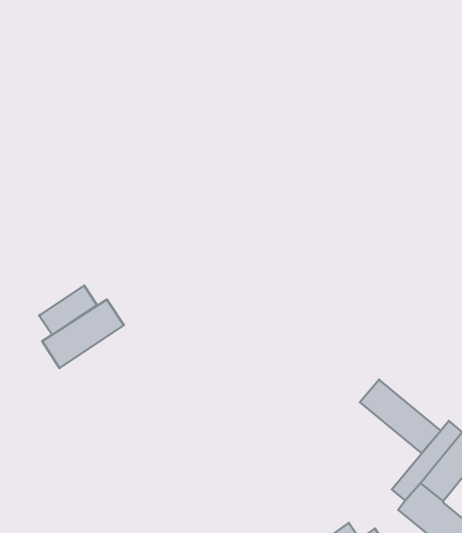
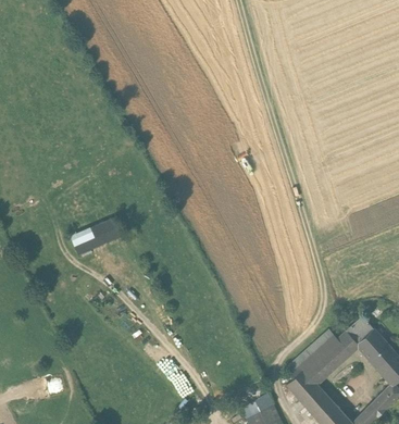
building: [39,285,97,335] -> none
building: [360,380,441,453] -> none

